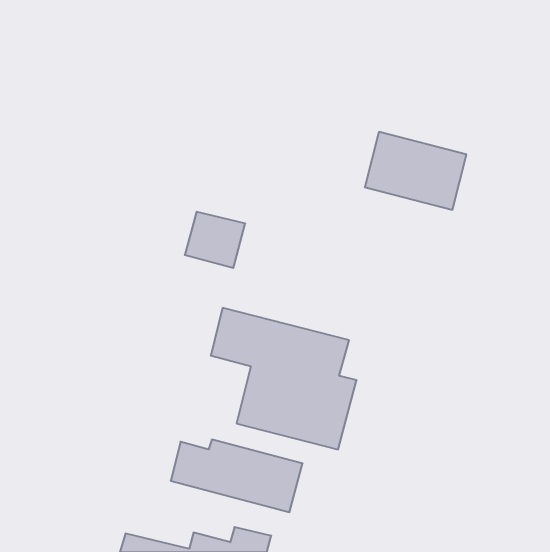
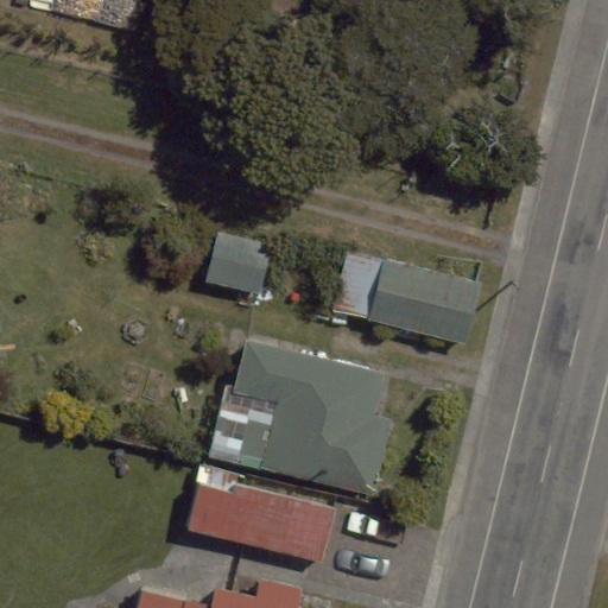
building: [365,132,466,210] -> [366,258,477,343]

